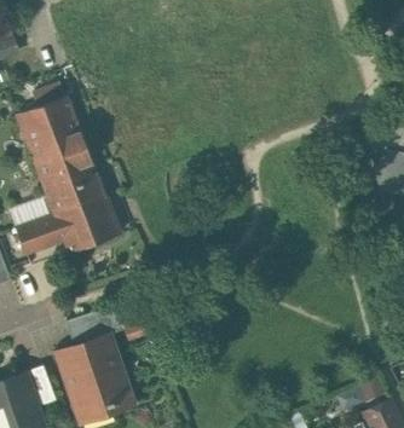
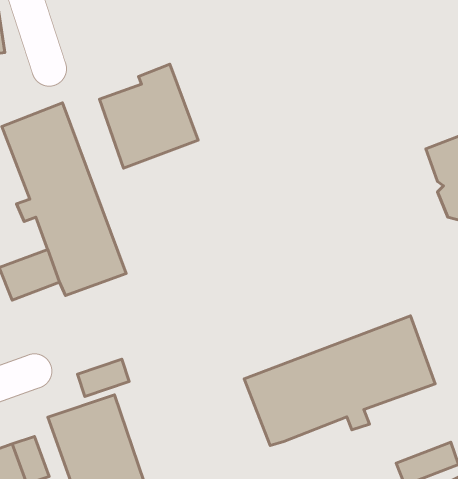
building: none -> [100,64,198,168]
building: none -> [244,316,435,446]

